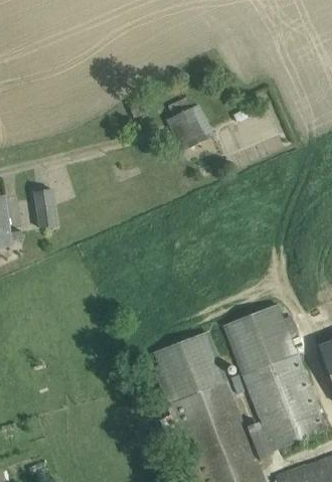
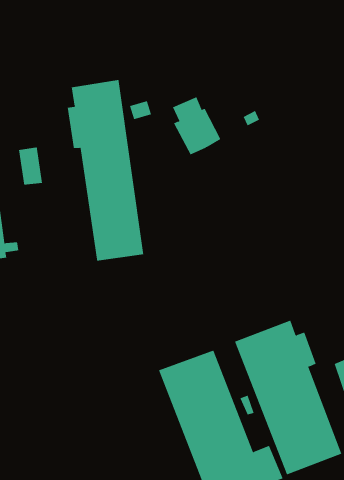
building: none -> [67,79,144,262]
building: [33,190,56,226] -> [18,147,43,185]

